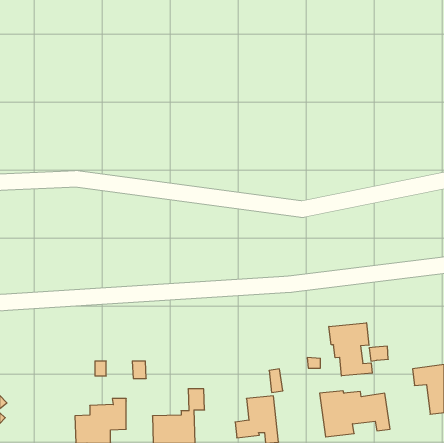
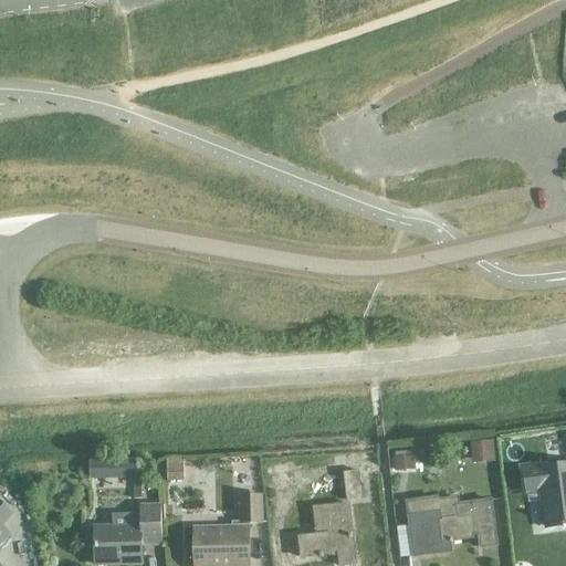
building: [329,323,372,376] -> none

